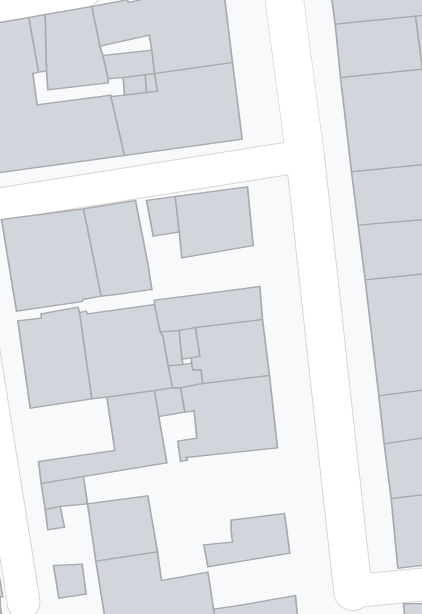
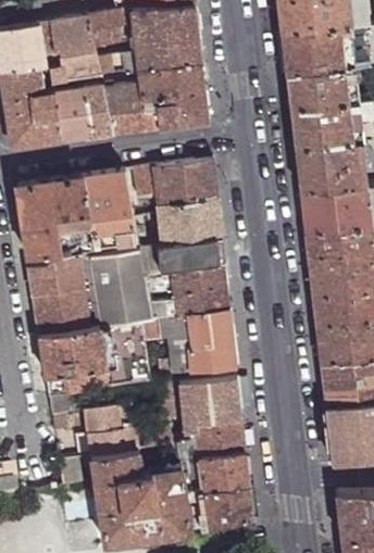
building: none -> [159,205,221,246]
building: none -> [38,326,105,377]
building: none -> [142,376,240,448]
building: none -> [179,450,249,491]

